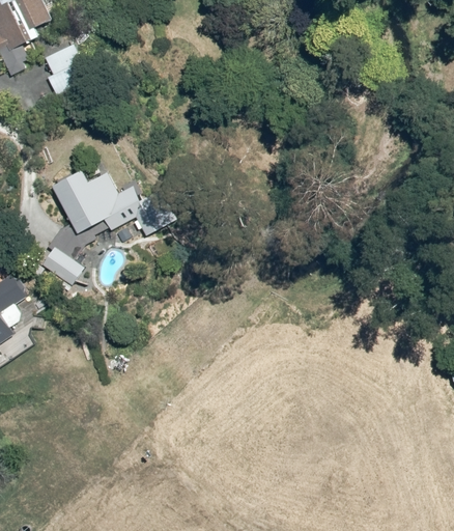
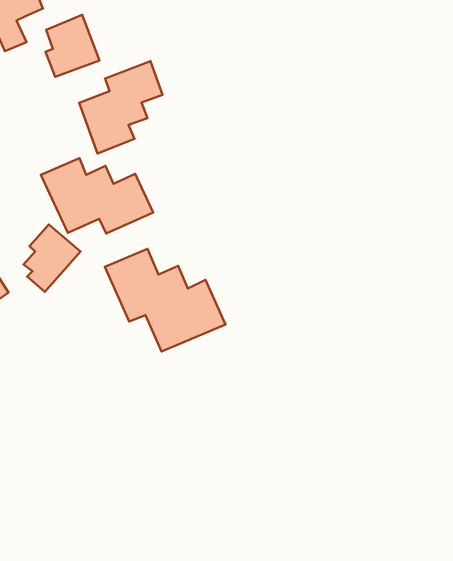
building: none -> [79,61,163,153]
building: none -> [105,249,226,352]

